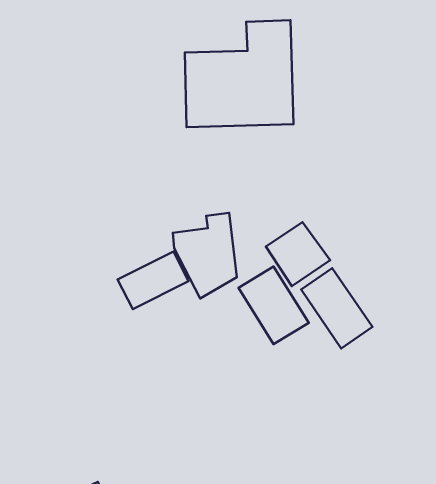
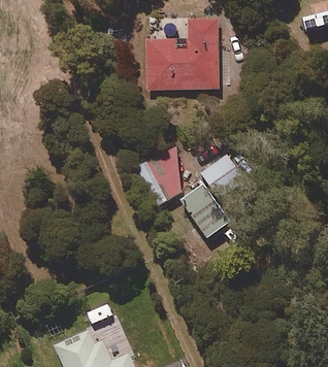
building: [118,252,189,309] -> none
building: [301,268,372,349] -> none

